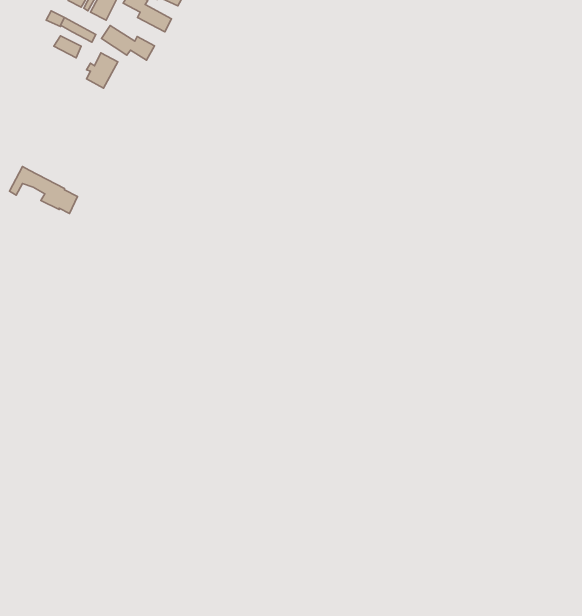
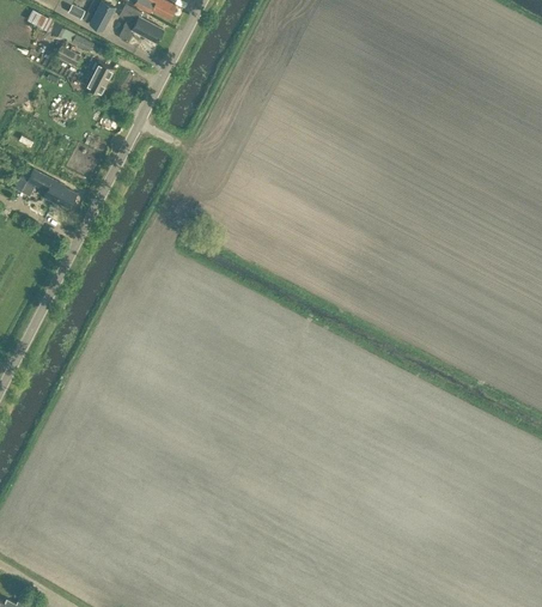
building: [101,26,154,60] -> none

